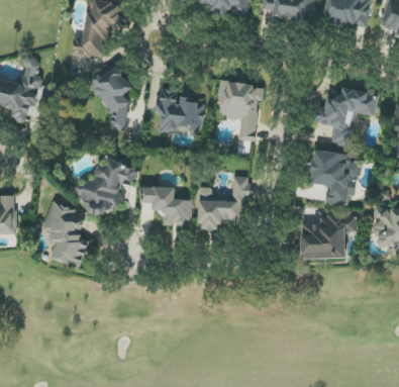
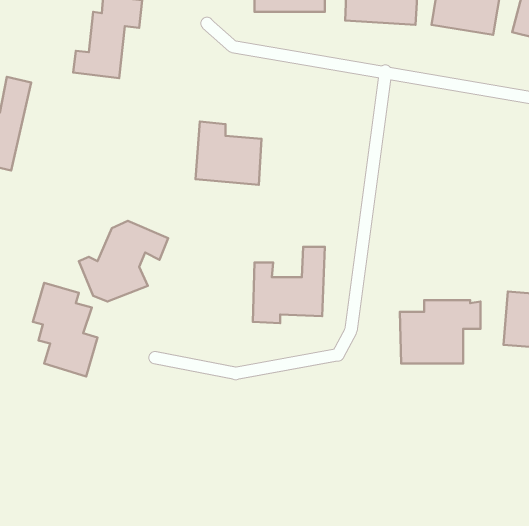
building: [90,65,131,130] -> none
building: [217,81,263,140] -> none
building: [314,87,378,146] -> none
building: [309,149,358,202] -> none
building: [139,186,191,223] -> none

